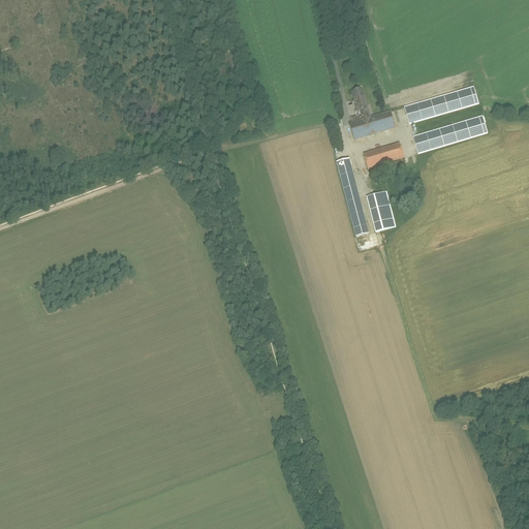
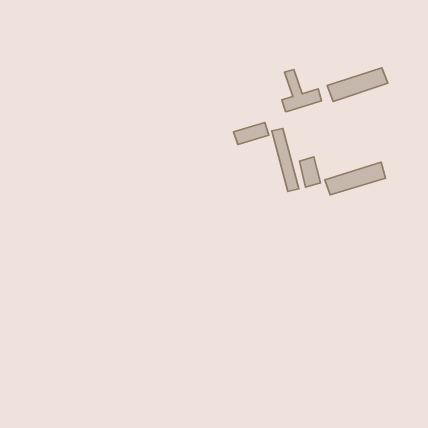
building: [413,114,488,154] -> [325,162,385,195]
building: [362,141,405,167] -> [234,123,269,144]

